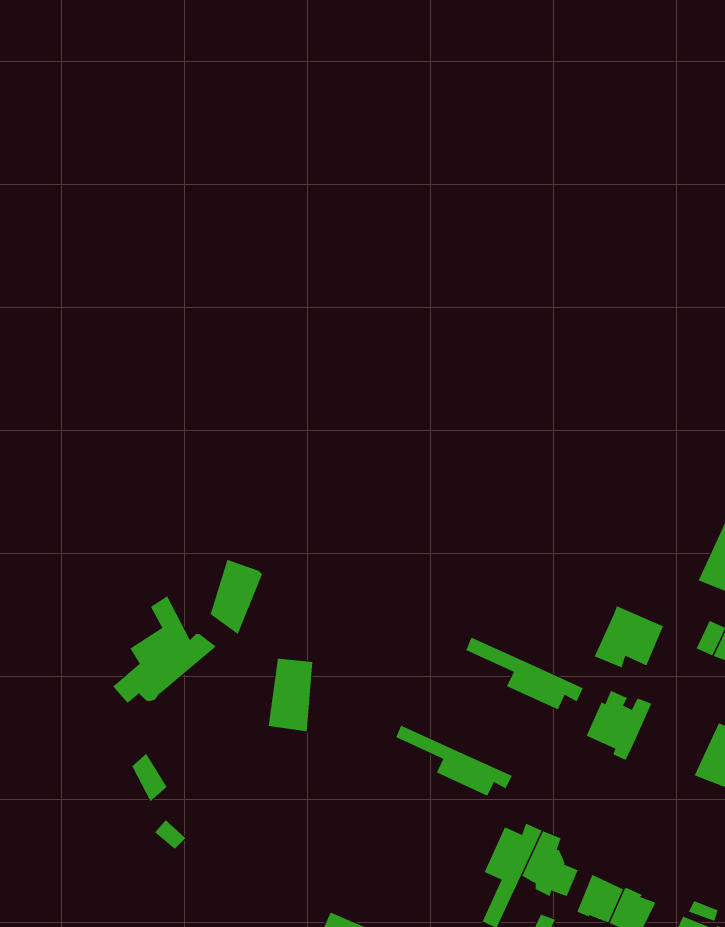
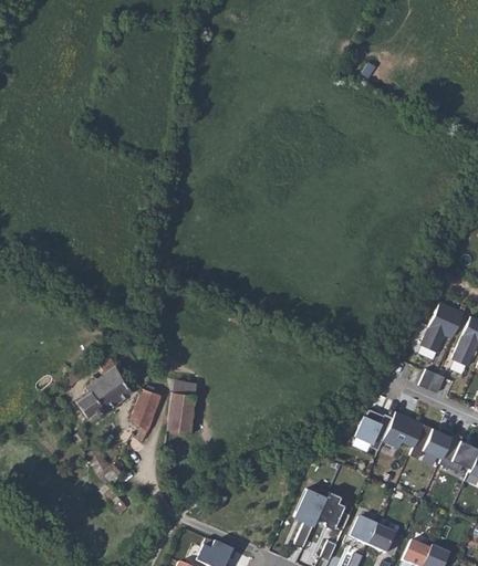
building: [210,559,263,635] -> [131,387,162,431]
building: [594,605,664,668] -> [382,412,423,449]
building: [466,637,584,710] -> none
building: [396,725,512,796] -> none

